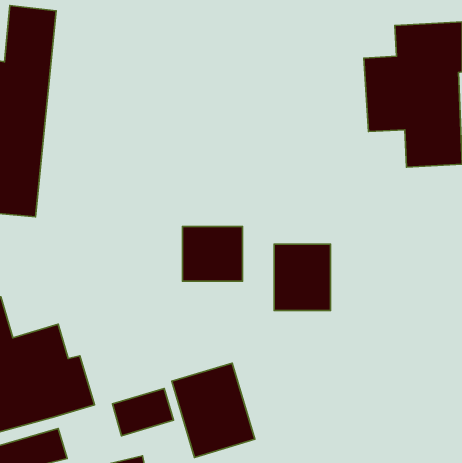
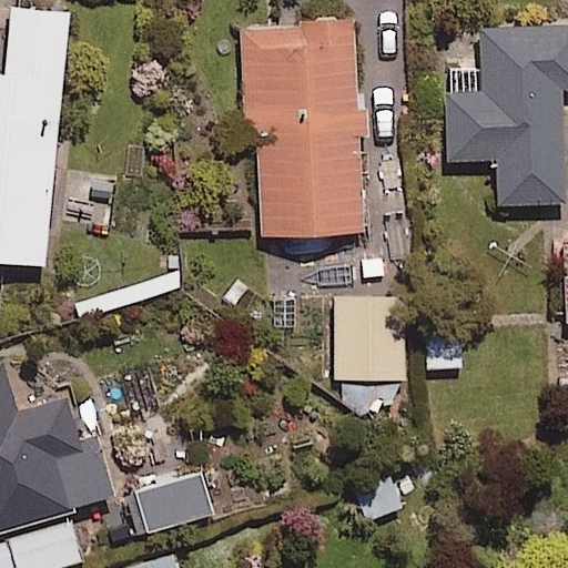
building: none -> [240,22,364,237]
building: [183,227,242,281] -> none
building: [172,363,255,457] -> none

